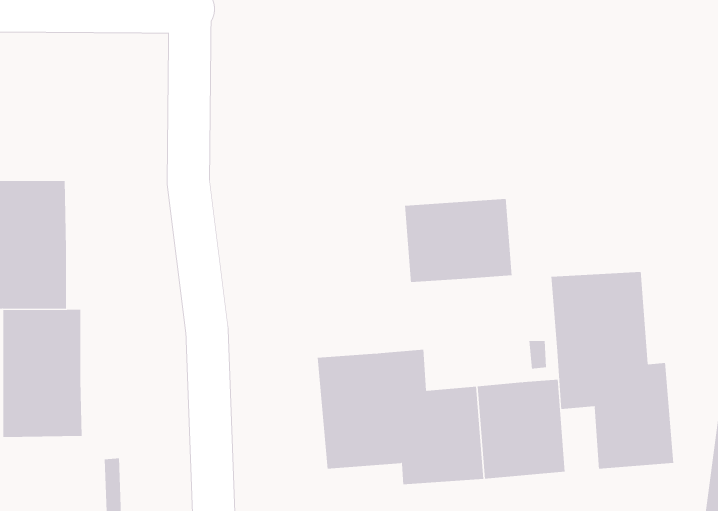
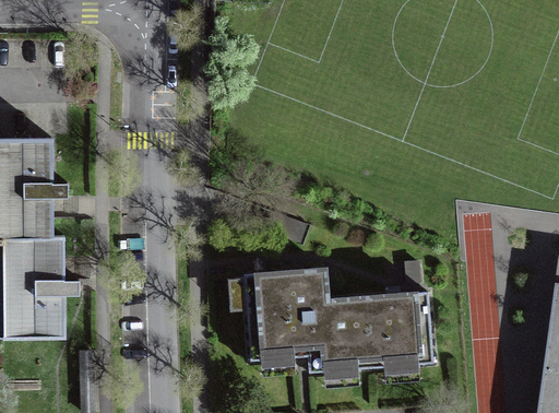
building: [405,198,512,283] -> none
building: [551,271,674,469] -> none

